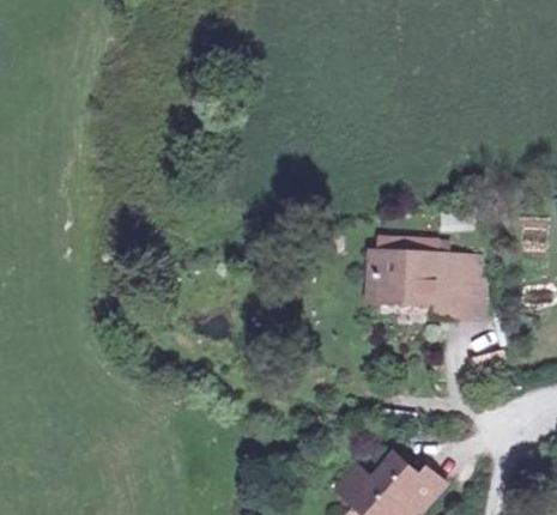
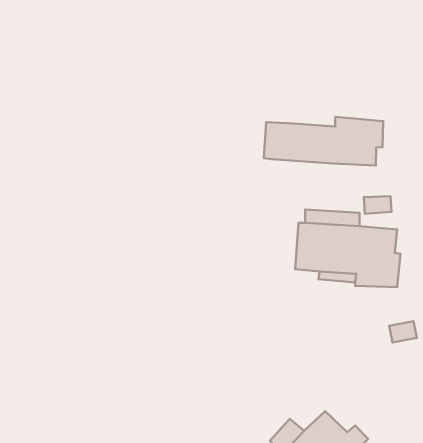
building: none -> [264,117,383,165]

